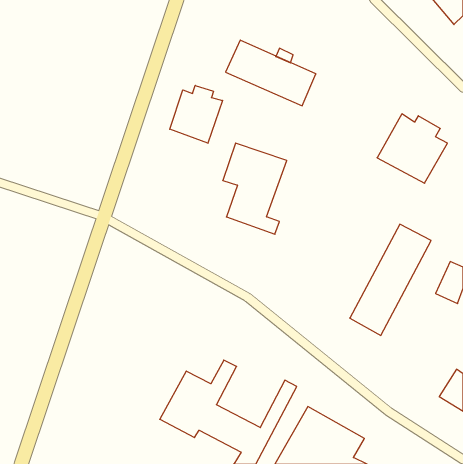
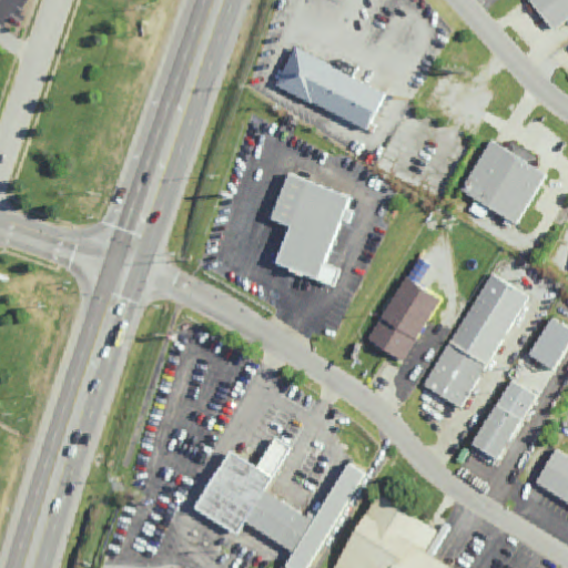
building: [170,85,223,143] -> none
building: none -> [367,276,440,361]
building: none -> [471,379,536,460]

